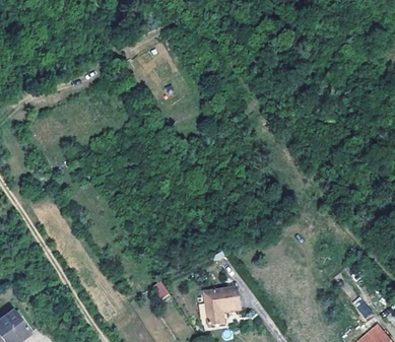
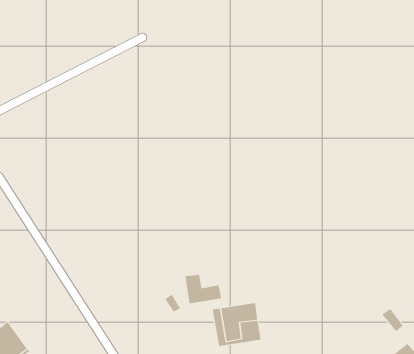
building: none -> [185,274,222,304]

